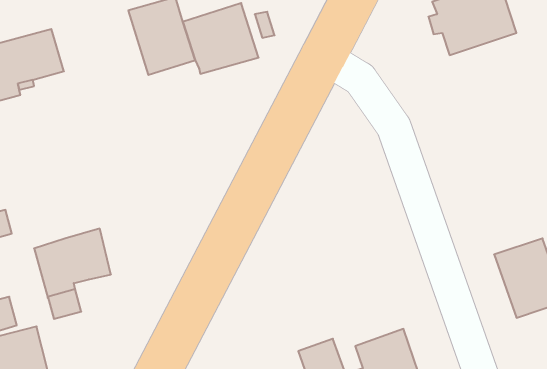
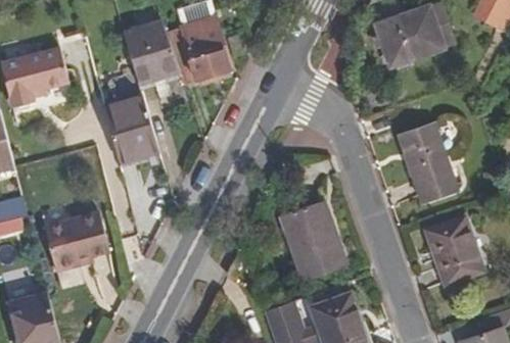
building: none -> [104,94,159,162]
building: none -> [399,126,455,200]
building: none -> [279,200,345,281]

